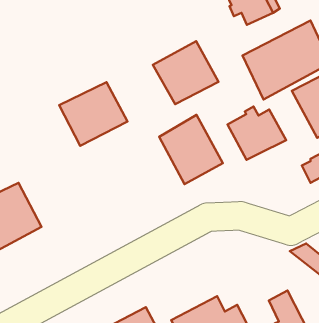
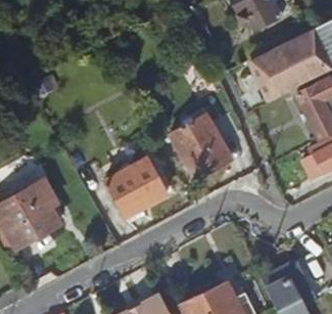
building: [153,41,219,104] -> none
building: [59,82,127,146] -> [103,159,167,218]
building: [228,107,286,160] -> none

